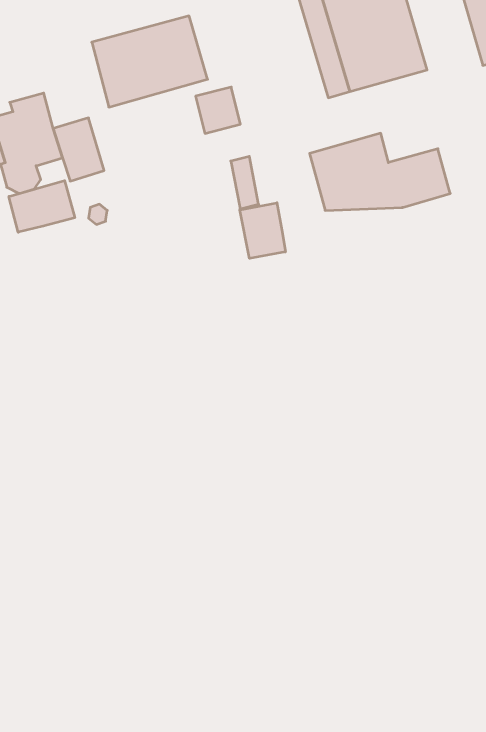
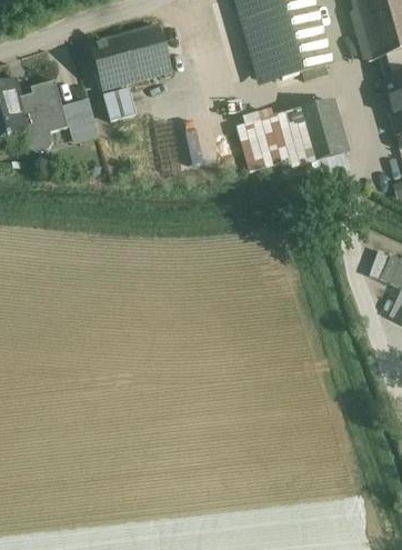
building: [196,87,240,133] -> [102,86,134,119]
building: none -> [297,98,338,129]
building: [9,181,75,232] -> none
building: [240,203,285,258] -> none

